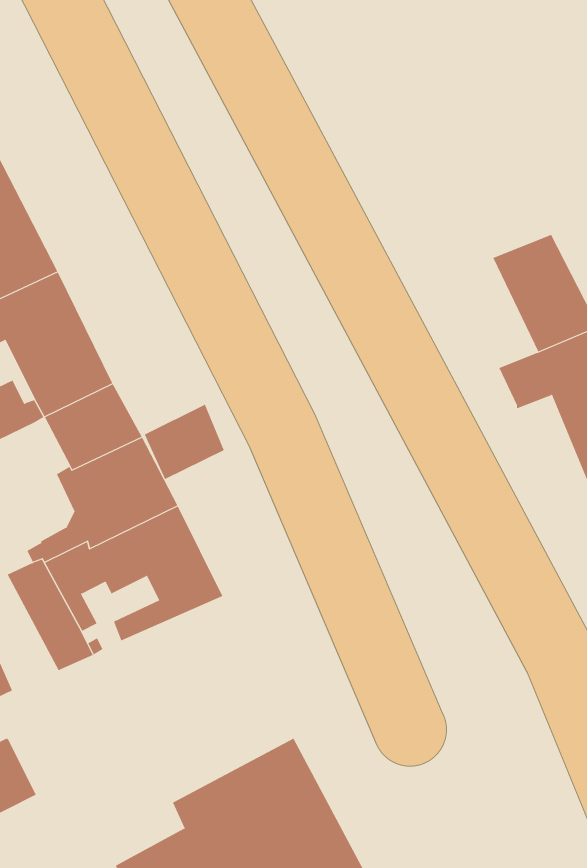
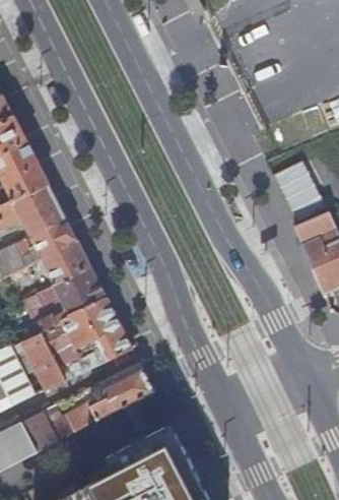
building: [144,404,225,480] -> none
building: none -> [22,368,153,453]

